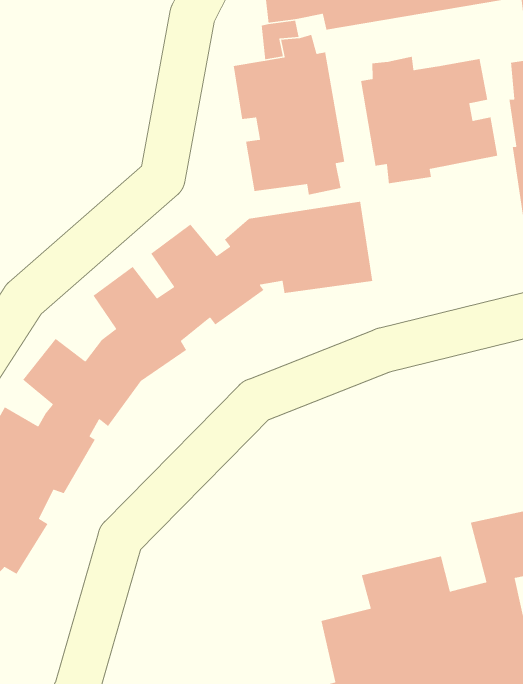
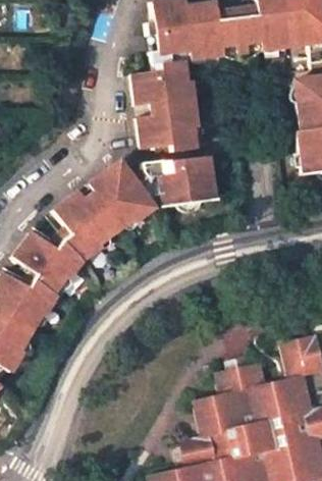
building: [360,56,498,184] -> none

